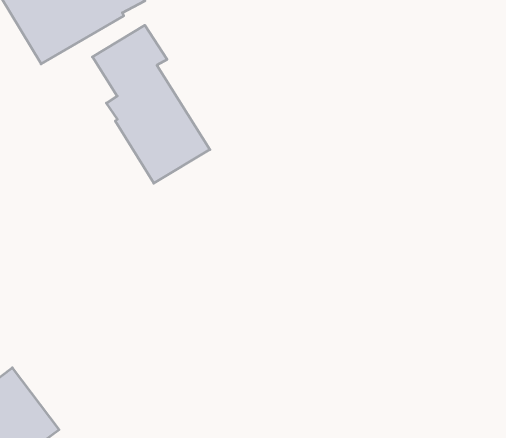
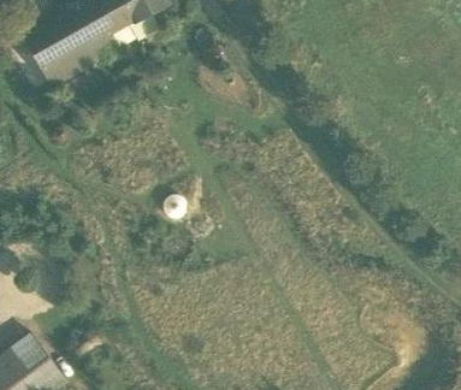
building: [92,25,210,183] -> none

